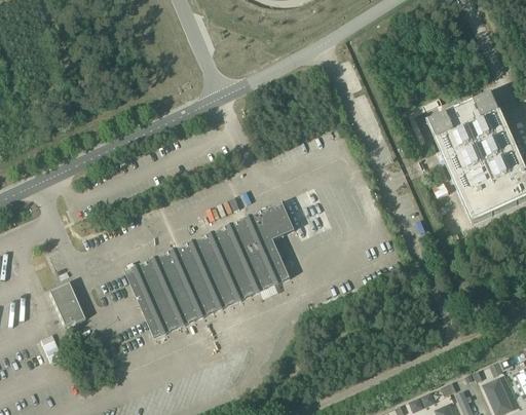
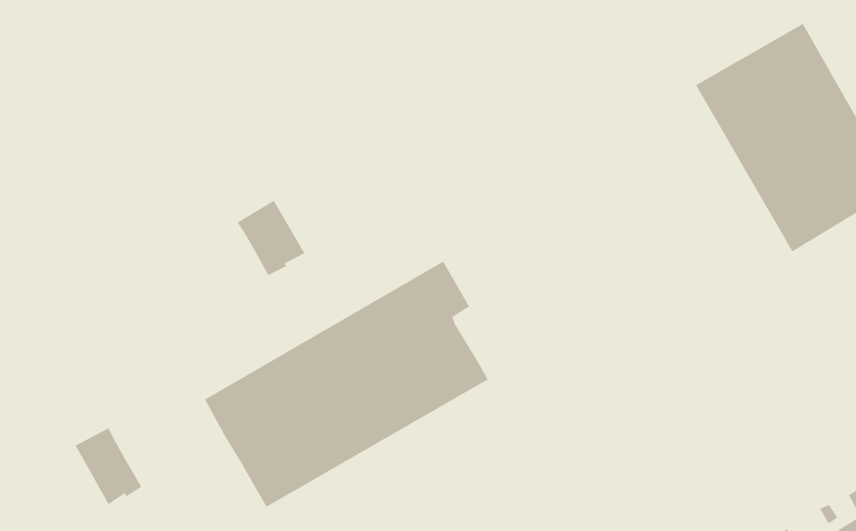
building: none -> [237,200,305,276]

